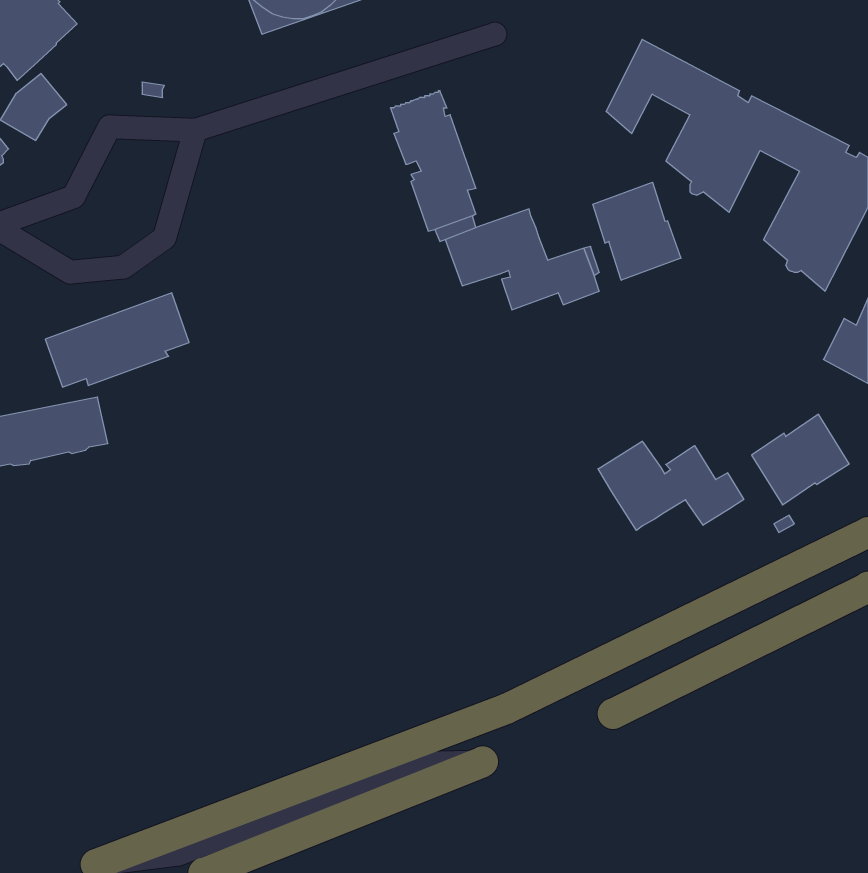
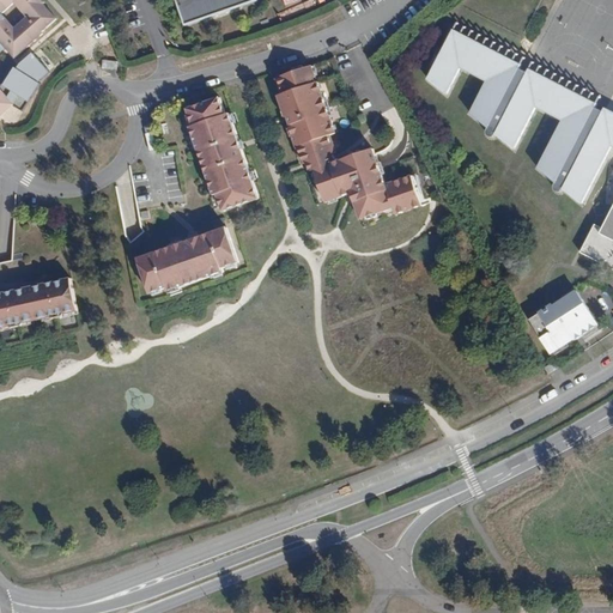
building: none -> [184,96,256,210]
building: [593,182,681,280] -> none
building: [45,293,189,387] -> [135,225,236,291]
building: [598,441,744,530] -> none

